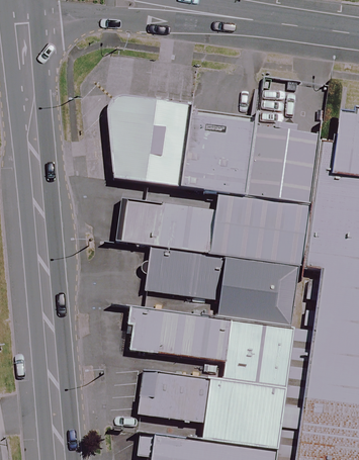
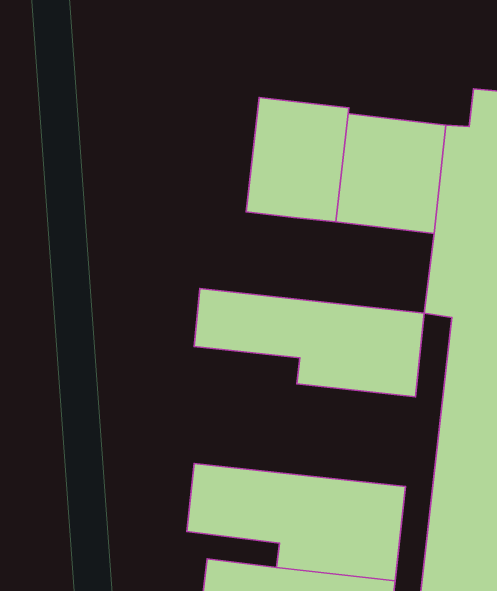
building: [102,96,184,188] -> none
building: [116,196,310,263] -> none
building: [118,302,297,384] -> none

